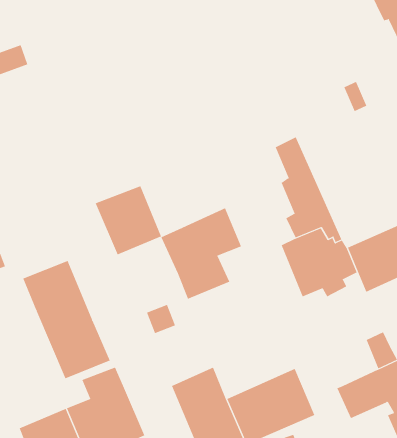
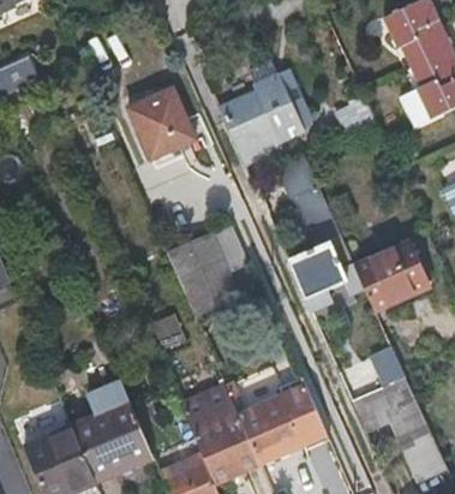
building: none -> [217,79,301,163]
building: [95,186,162,255] -> [127,89,196,160]
building: [22,260,111,379] -> none

